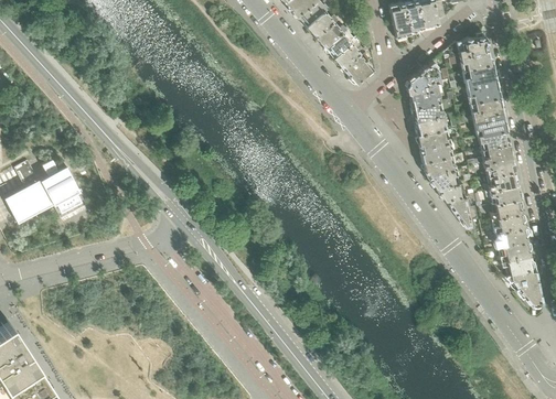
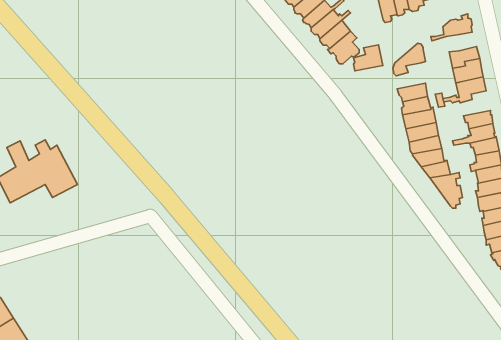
building: [462,54,493,74] -> none
building: [411,85,441,111] -> [354,45,383,71]
building: [477,114,507,139] -> none

